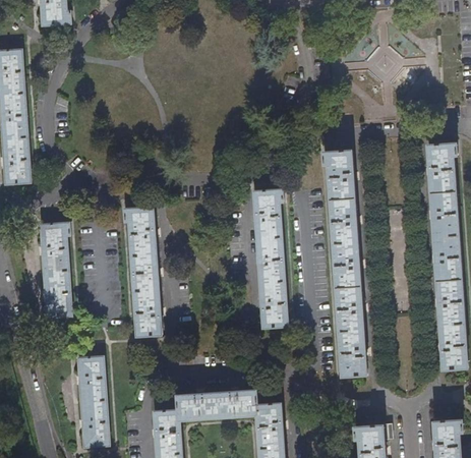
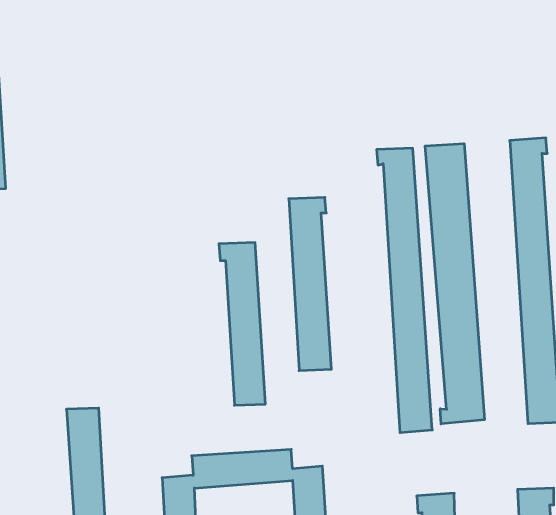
building: none -> [425,144,484,424]
building: [124,208,161,336] -> [219,243,265,405]
building: [41,223,71,317] -> none

